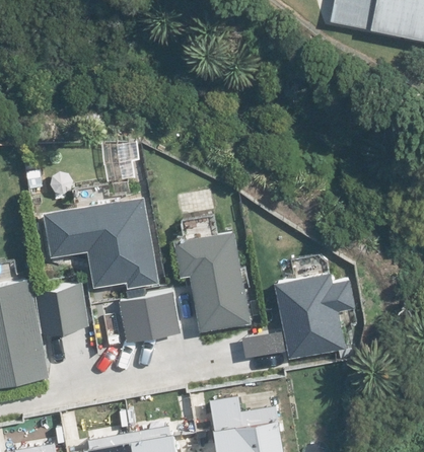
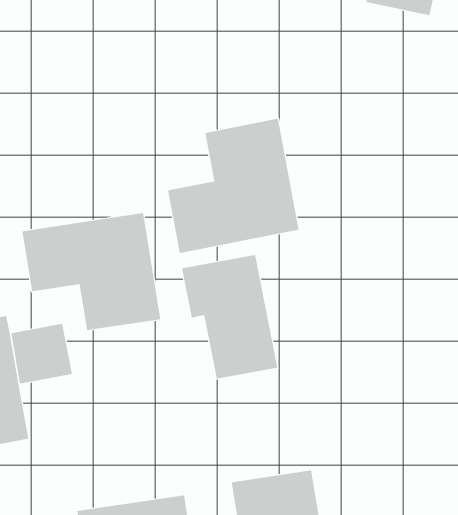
building: none -> [167,118,299,254]
building: [240,273,354,363] -> none
building: [117,293,180,349] -> none

